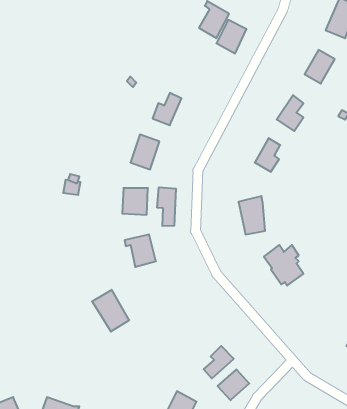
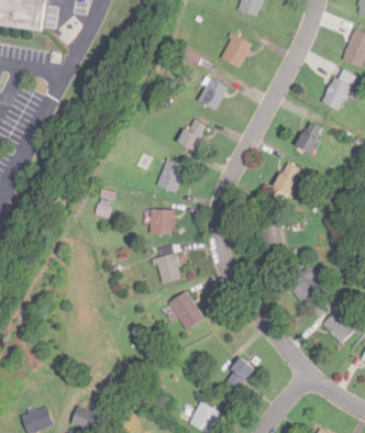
building: [216,20,247,54] -> [199,78,228,110]
building: [157,187,176,226] -> none
building: [92,290,129,332] -> [168,290,203,330]
building: none -> [323,311,353,342]
building: [218,369,249,400] -> none

